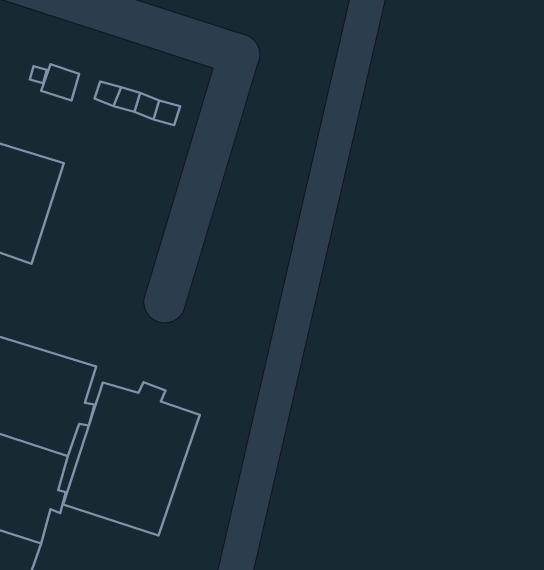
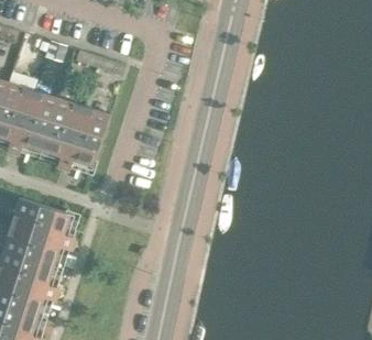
building: none -> [39,97,109,172]
building: [63,382,200,536] -> none

